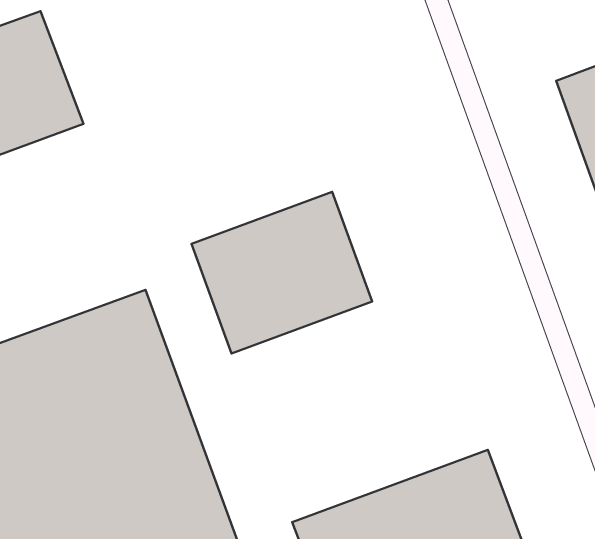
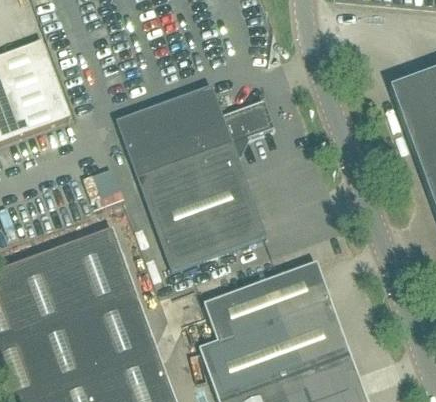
building: none -> [115,85,272,196]
building: none -> [198,261,343,384]

